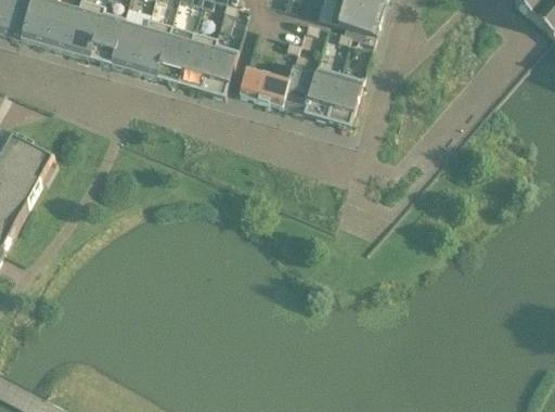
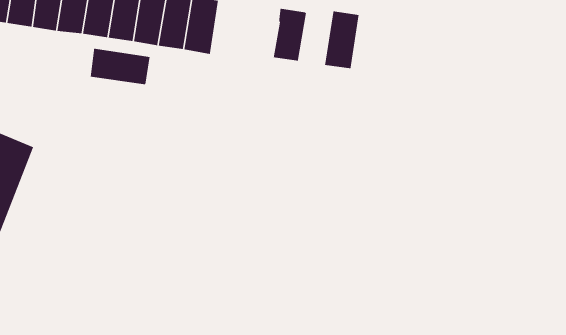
building: [302,65,339,120] -> none
building: [237,68,289,107] -> none
building: none -> [90,48,150,85]

